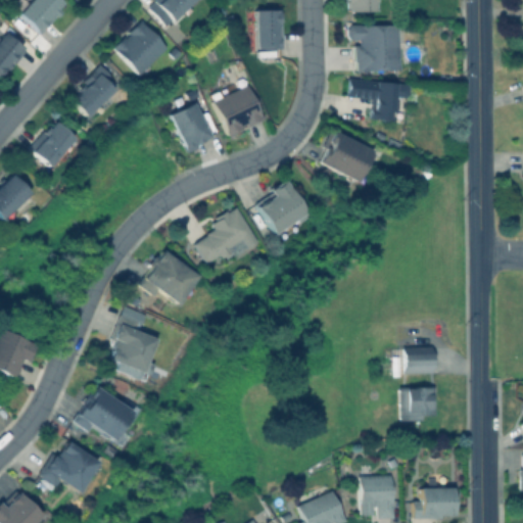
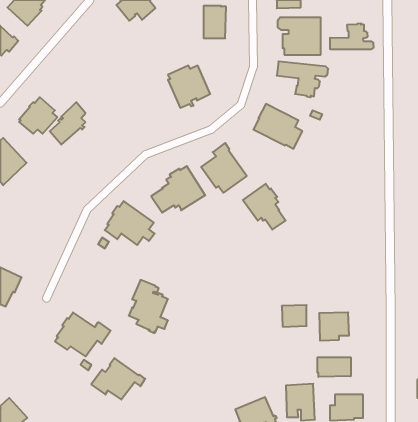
building: [114,21,169,76] -> none
building: none -> [330,23,373,49]
building: [72,66,115,118] -> [50,102,85,145]
building: [169,101,211,152] -> none
building: none -> [243,184,286,230]
building: [110,317,158,382] -> [129,280,168,333]
building: [405,347,435,374] -> [282,305,307,327]
building: [42,442,108,493] -> [91,358,145,400]
building: none -> [317,357,351,377]

